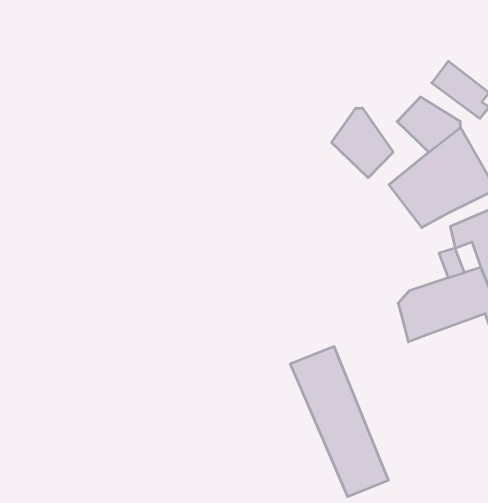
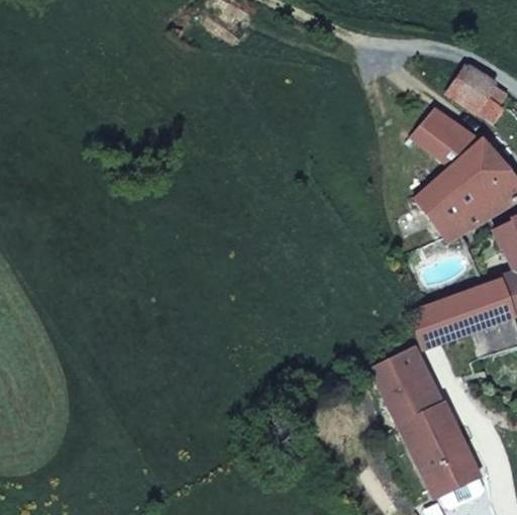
building: [332,108,393,178] -> none
building: [290,347,388,497] -> [385,352,482,501]

